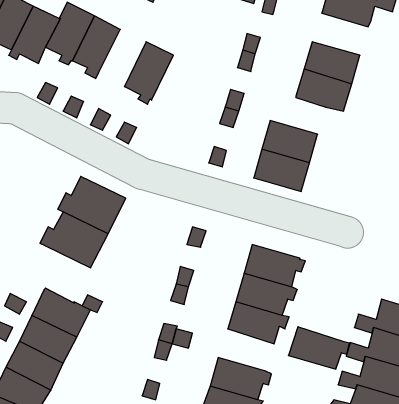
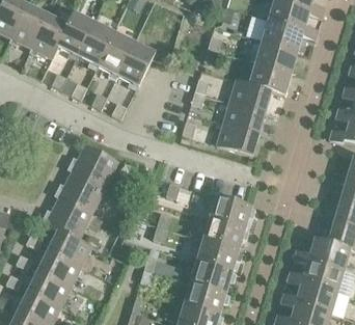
building: none -> [261,20,318,52]
building: none -> [98,32,134,80]
building: none -> [228,79,271,112]
building: none -> [40,197,91,241]
building: [288,327,350,369] -> [189,261,236,293]

